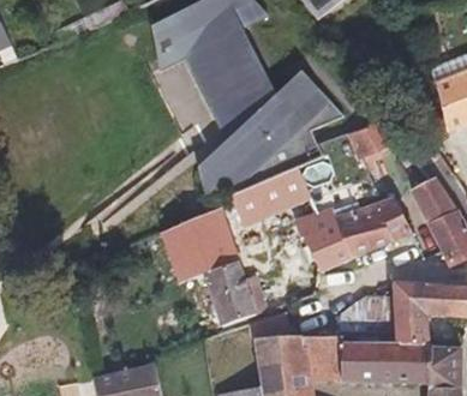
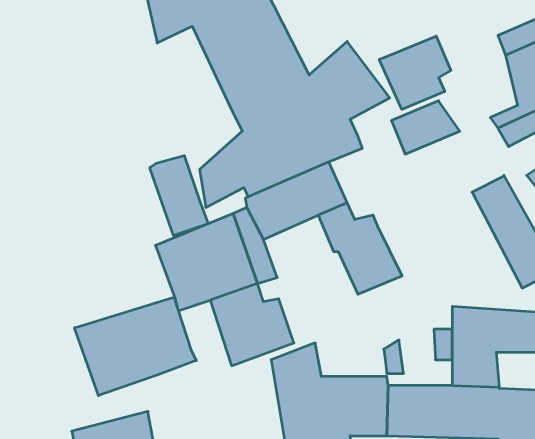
building: none -> [379,36,451,109]
building: none -> [150,156,208,236]
building: [335,198,412,256] -> none
building: none -> [75,297,196,396]

